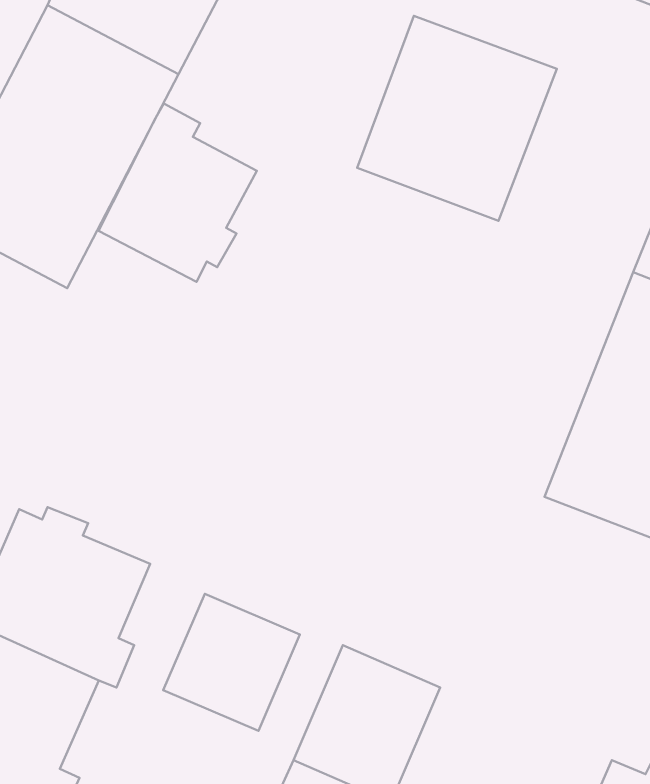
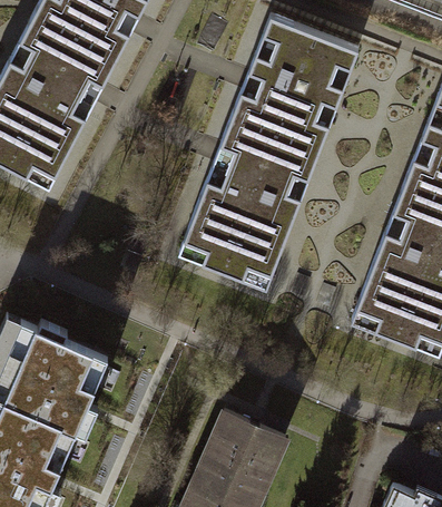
building: [99,103,257,282] -> none
building: none -> [179,110,322,286]
building: [163,594,300,731] -> none

